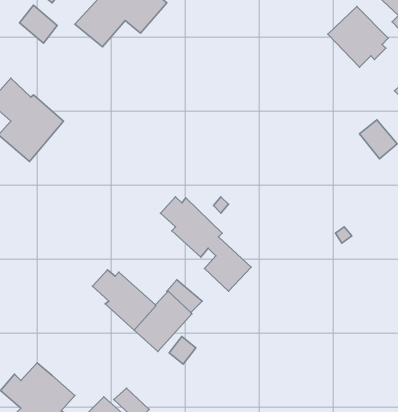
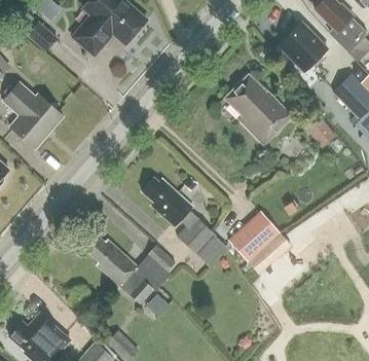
building: none -> [224,73,292,145]
building: none -> [228,212,280,262]

